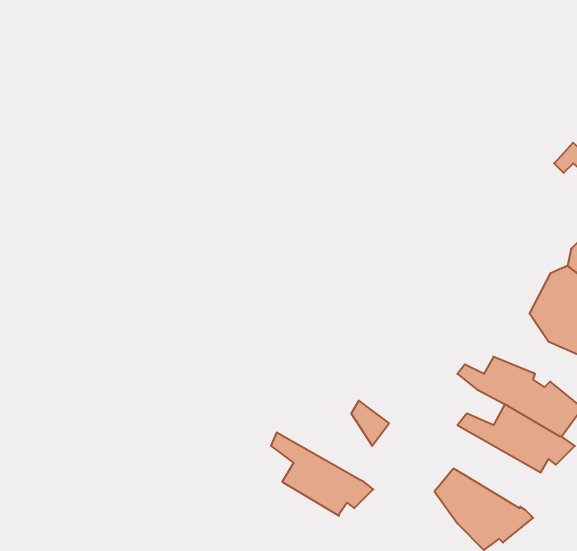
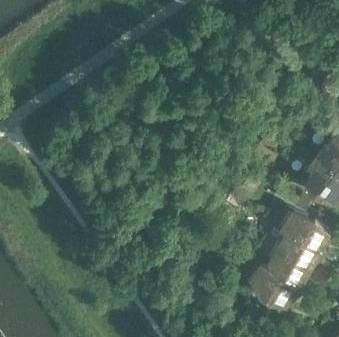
building: [271,432,373,516] -> [261,242,315,286]

